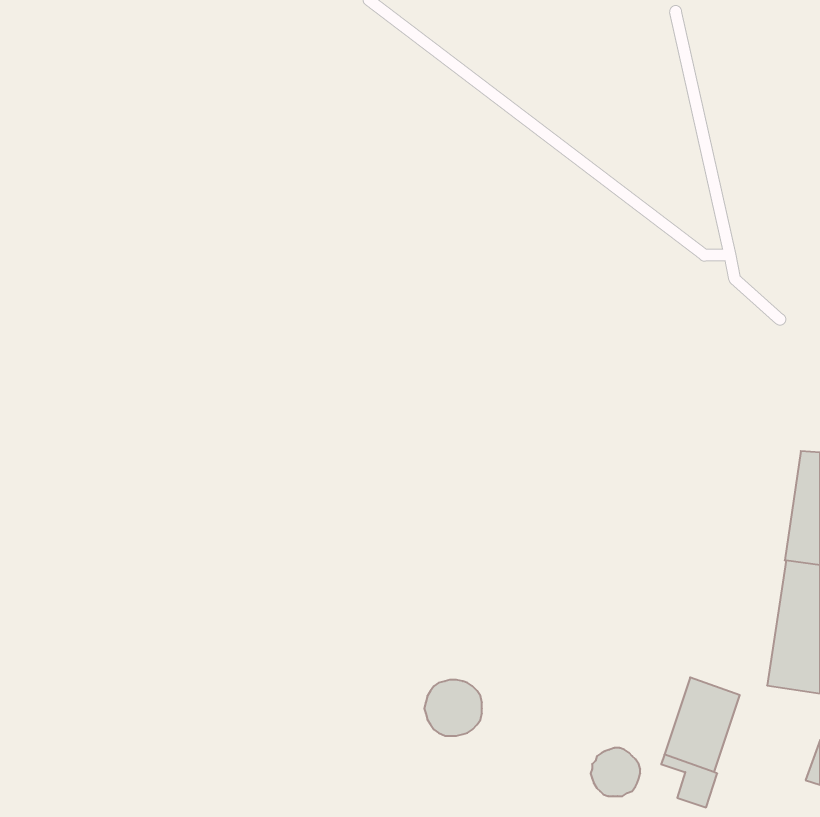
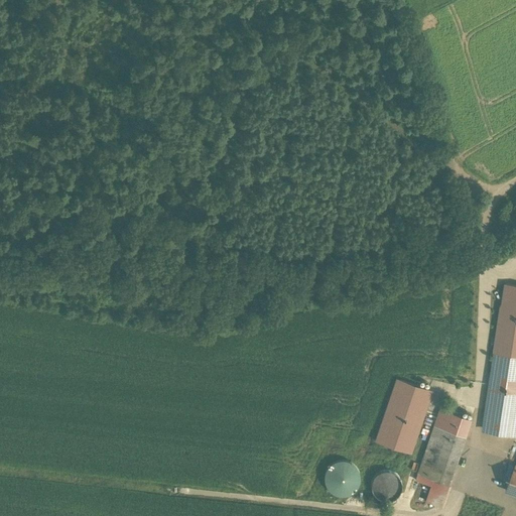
building: none -> [377,381,430,453]
building: none -> [433,411,471,438]
building: [424,680,482,736] -> [324,461,360,496]

